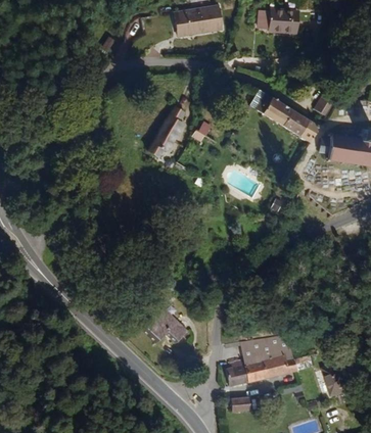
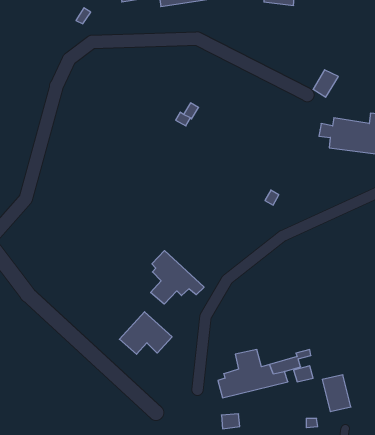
building: [250,89,320,142] -> none
building: [149,106,187,159] -> none
building: none -> [151,251,204,304]

